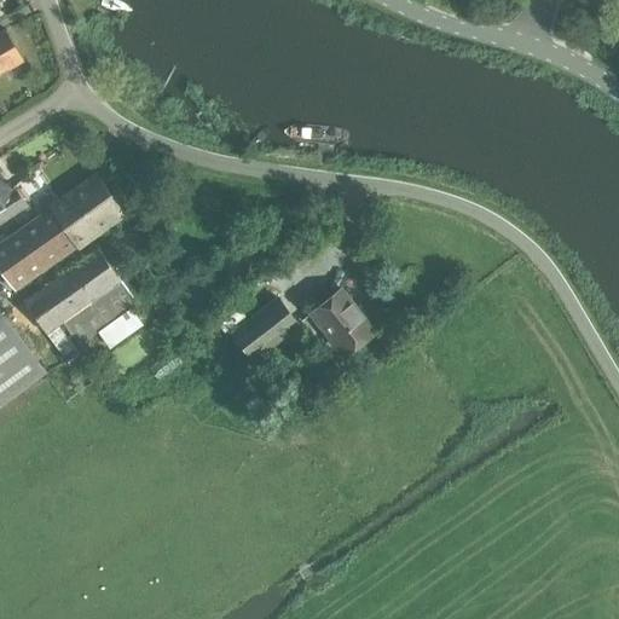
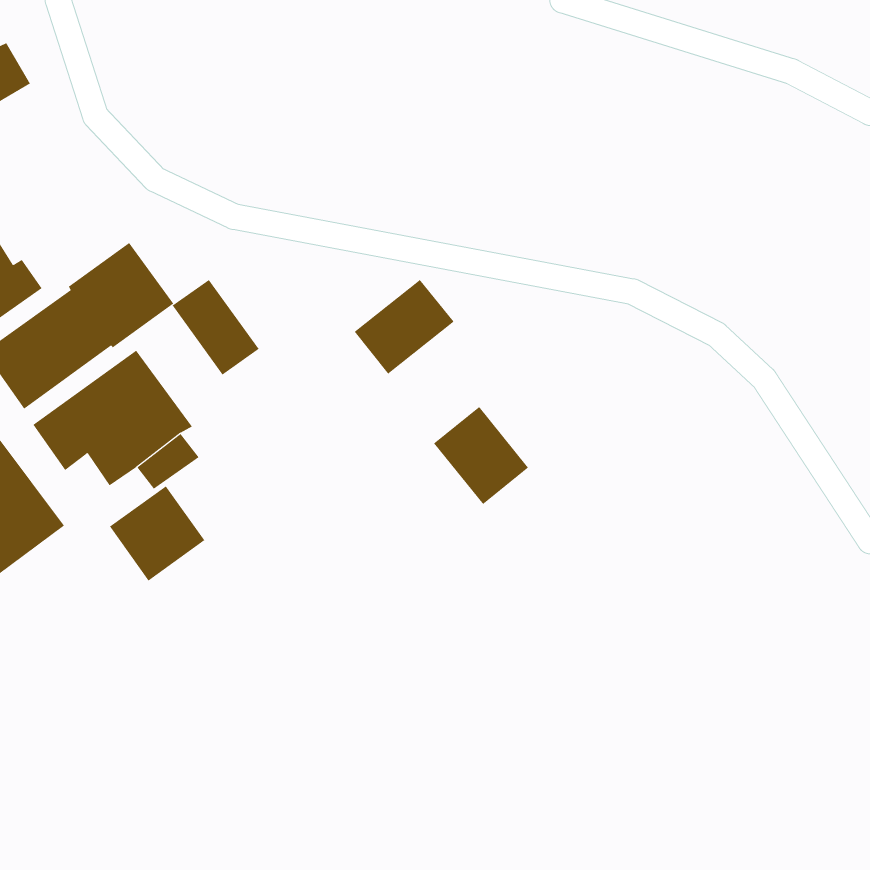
building: none -> [172,279,259,375]
building: [228,296,300,364] -> [354,279,454,375]
building: none -> [109,485,205,581]

